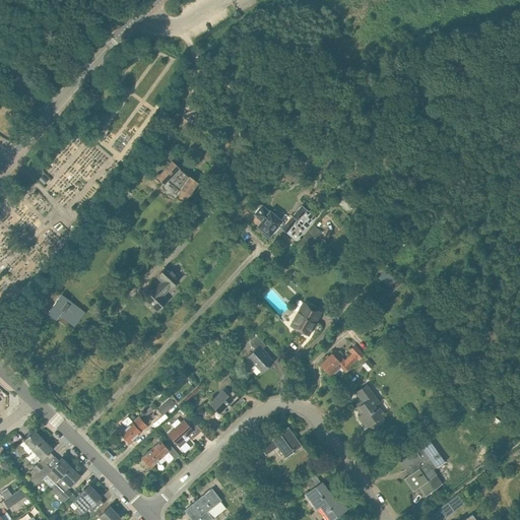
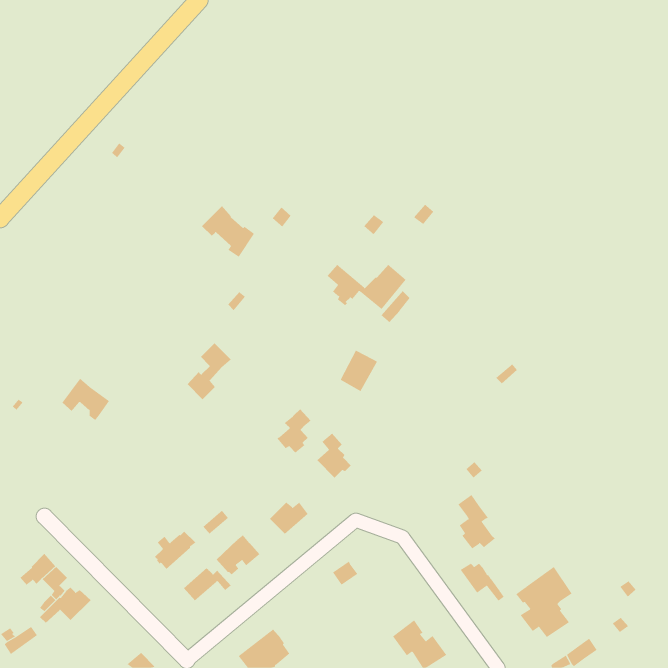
building: [291,303,321,335] -> [340,350,378,392]
building: none -> [277,408,311,453]
building: [320,344,365,376] -> none
building: [272,427,302,457] -> none
building: none -> [460,563,505,602]
building: [50,466,80,504] -> none
building: [73,484,101,515] -> none

